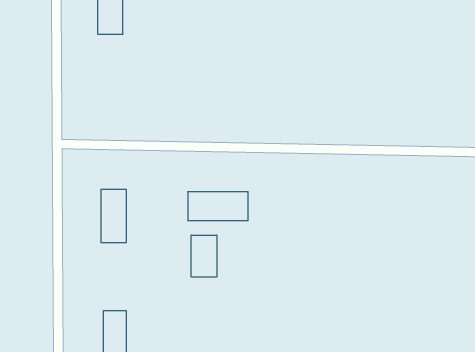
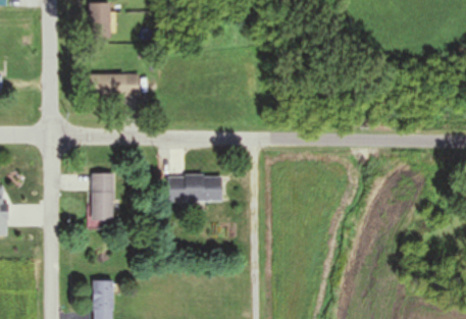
building: none -> [90,73,139,96]
building: [191,235,217,277] -> none

